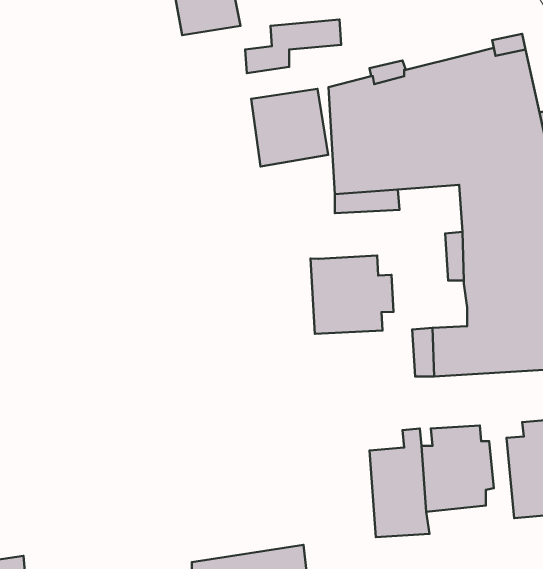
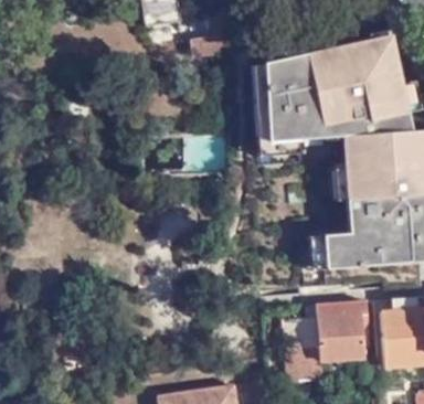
building: [251,89,328,167] -> none
building: [311,255,394,334] -> none

